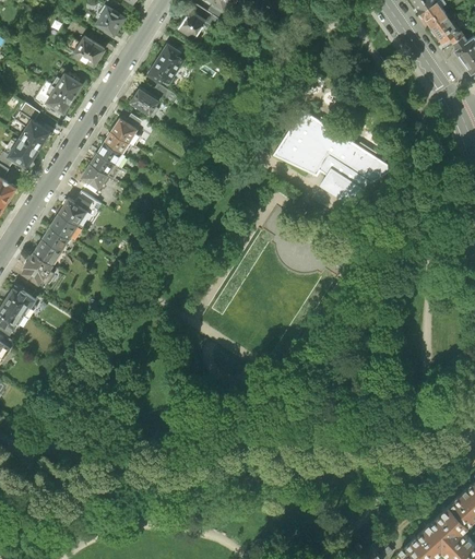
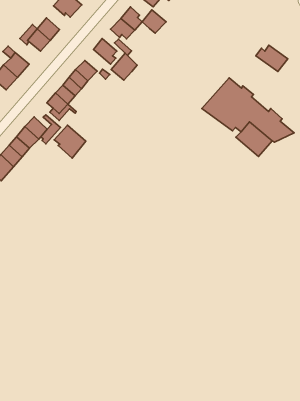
building: none -> [142,10,166,33]
building: none -> [256,45,288,71]
building: none -> [111,53,137,80]
building: none -> [54,125,86,158]

